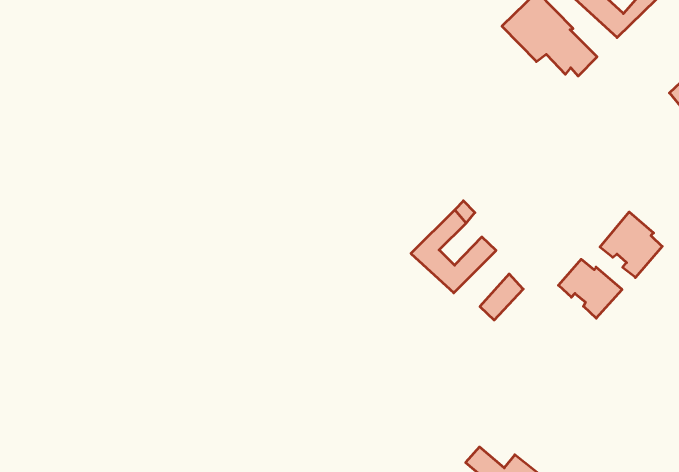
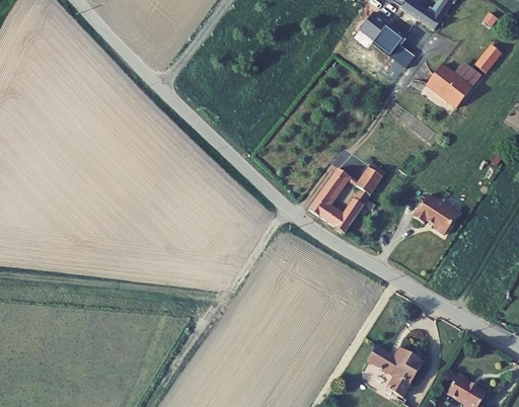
building: none -> [426,63,471,106]
building: [600,212,662,278] -> none
building: [480,274,523,320] -> [357,163,385,196]

